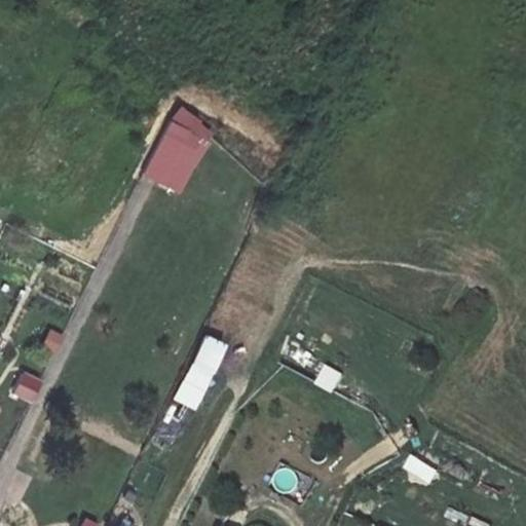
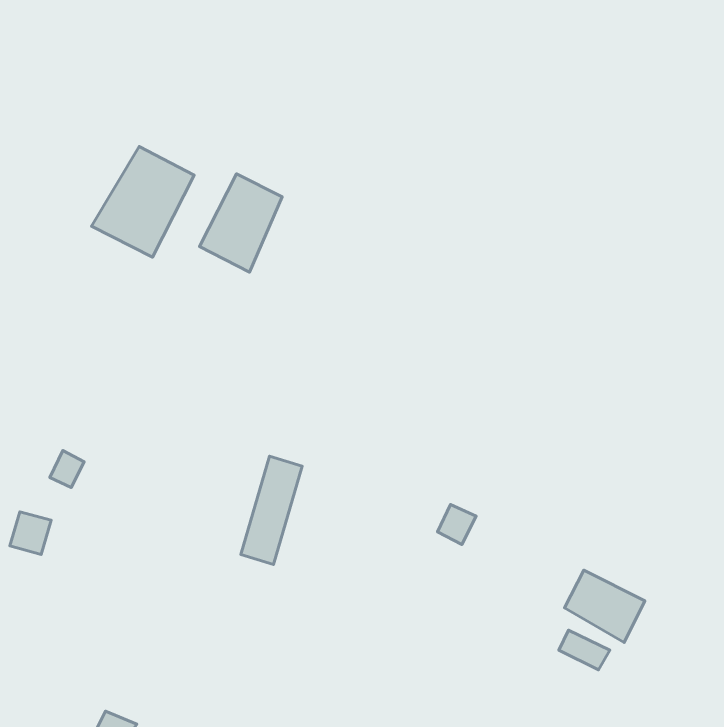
building: none -> [91,146,194,257]
building: none -> [565,570,645,642]

